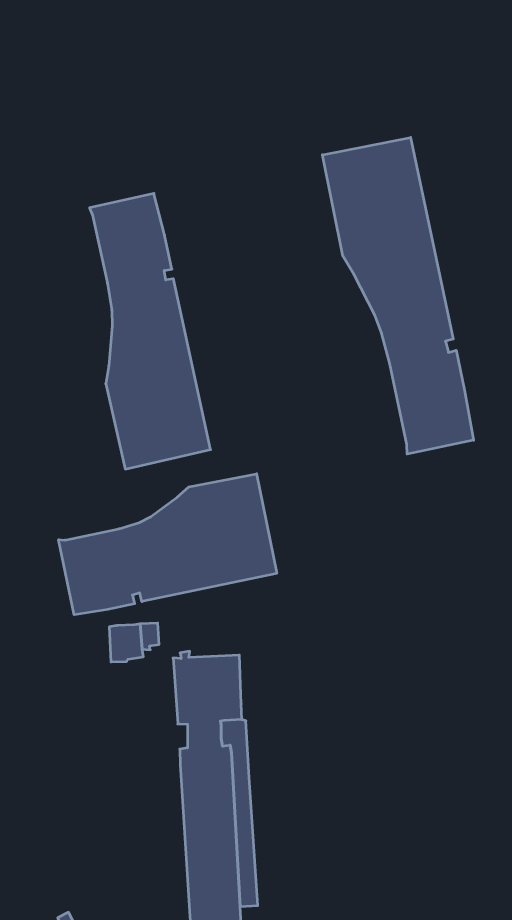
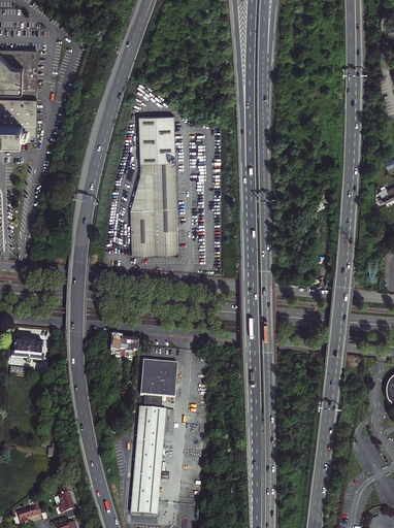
building: [322,137,474,454] -> none
building: [59,474,277,615] -> none

